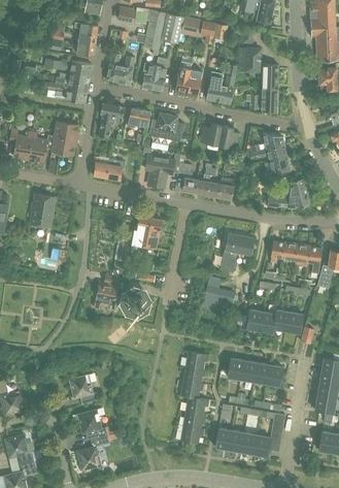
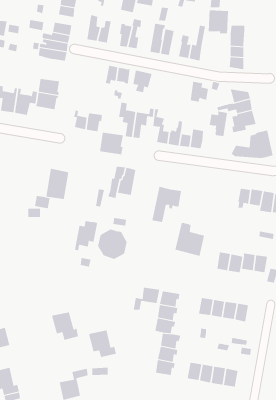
building: [98,102,124,137] -> none
building: [201,122,222,150] -> [209,111,228,137]
building: none -> [99,132,123,155]
building: [30,192,56,226] -> [45,168,69,200]
building: [221,231,253,270] -> [151,186,182,222]
building: none -> [133,287,160,311]
building: [77,409,108,438] -> [88,330,117,358]

